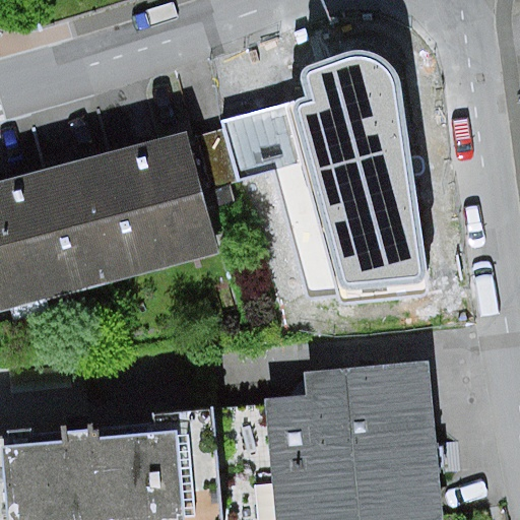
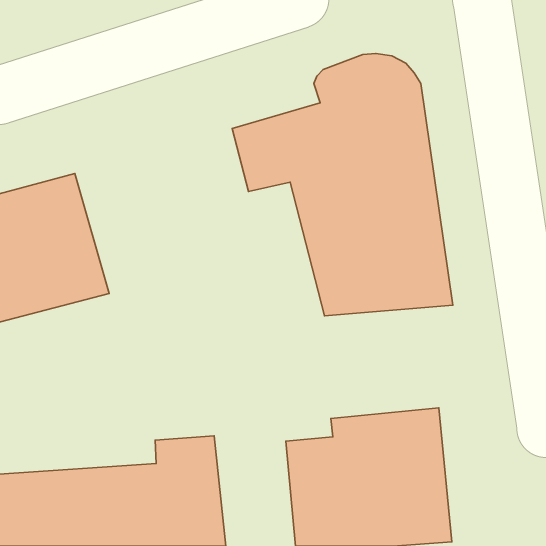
building: [71,134,211,278] -> none

